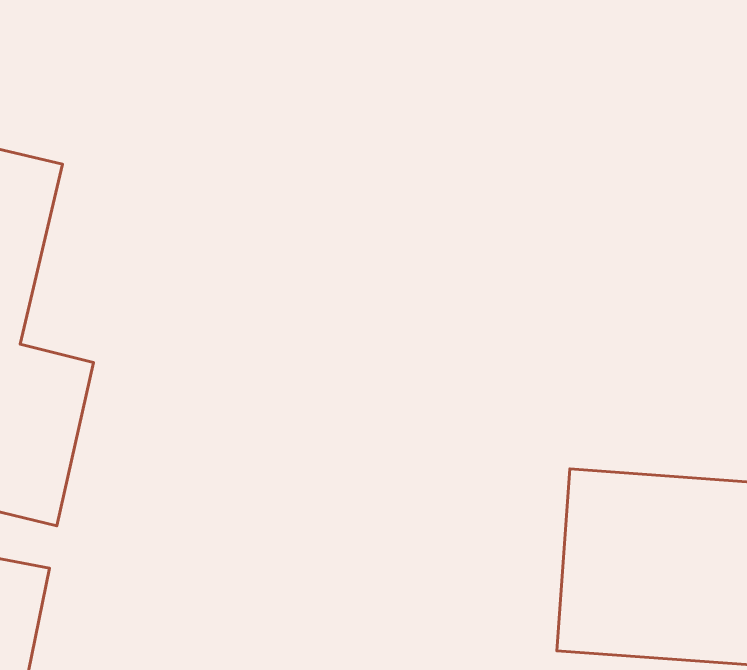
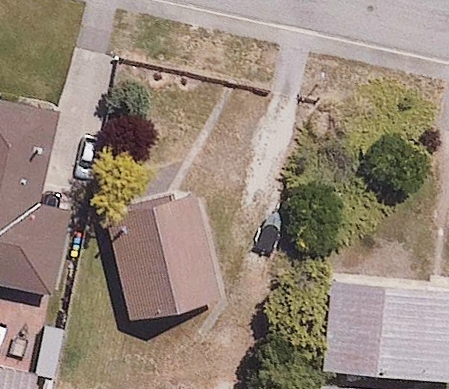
building: none -> [106,193,217,323]

